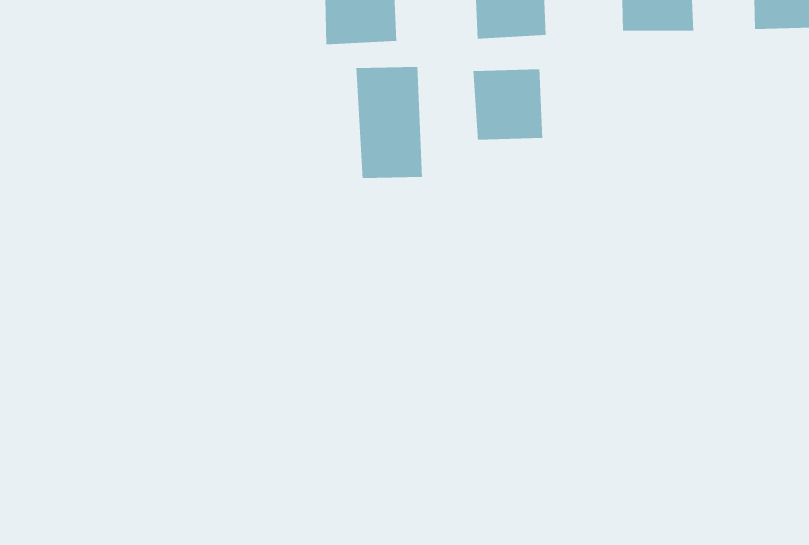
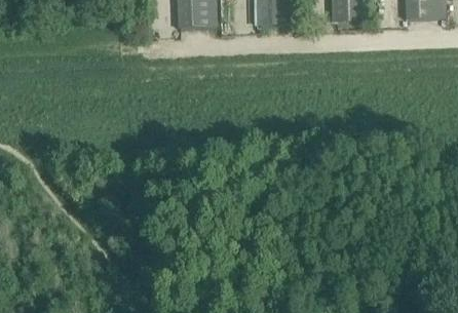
building: [356,66,423,179] -> none
building: [473,68,543,140] -> none

